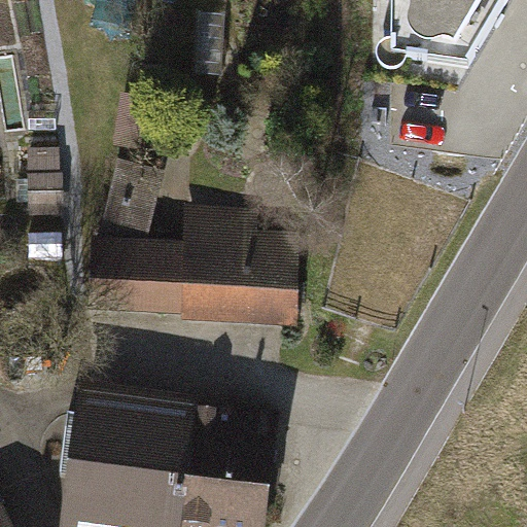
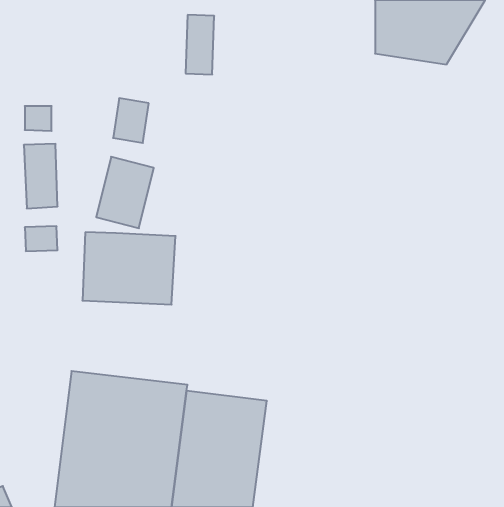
building: [178,204,297,326] -> none

